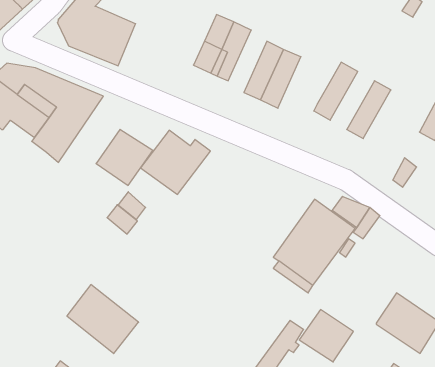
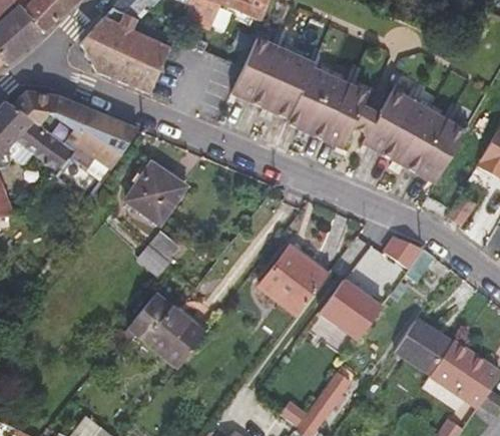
building: none -> [270,54,314,122]
building: none -> [324,83,378,148]
building: none -> [381,99,429,162]
building: none -> [417,119,465,183]
building: [141,130,210,194] -> [258,245,334,315]
building: [67,285,139,354] -> [128,293,206,368]
building: [299,310,353,362] -> [394,317,453,374]

